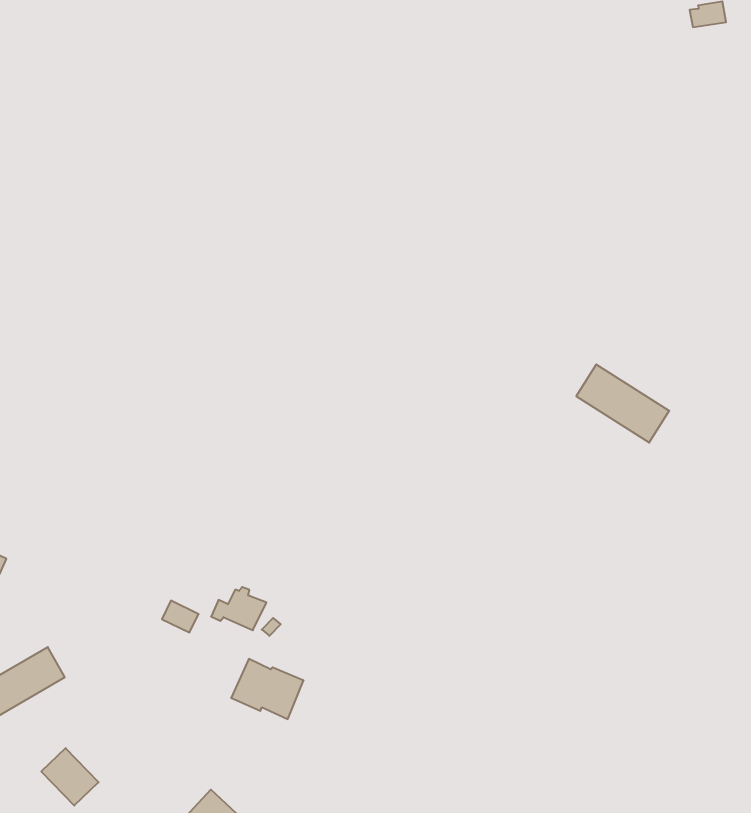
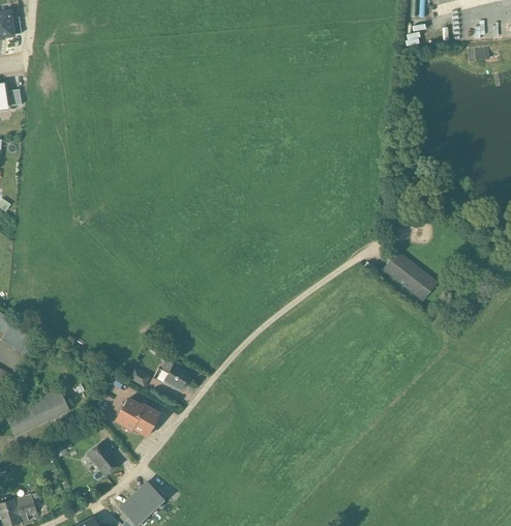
building: [231,659,304,719] -> [116,400,159,437]
building: [41,748,99,806] -> [87,442,120,476]

